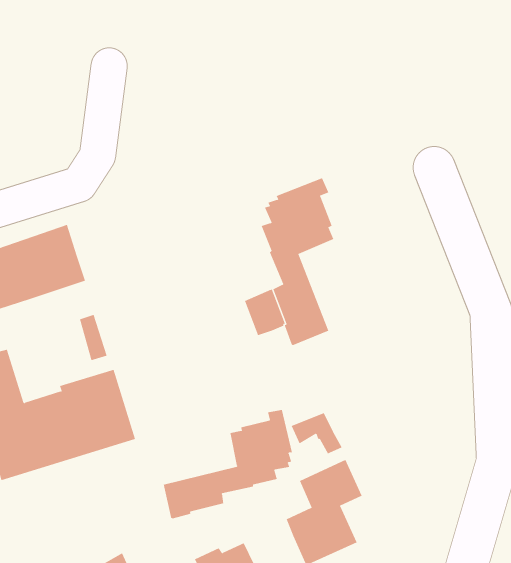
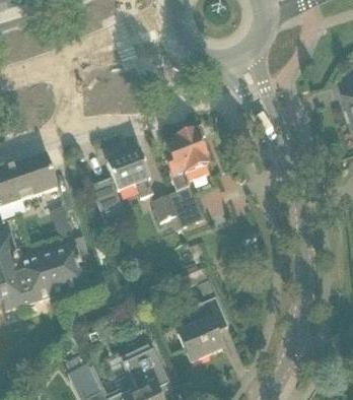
building: none -> [89,149,154,219]
building: [163,409,293,519] -> none

